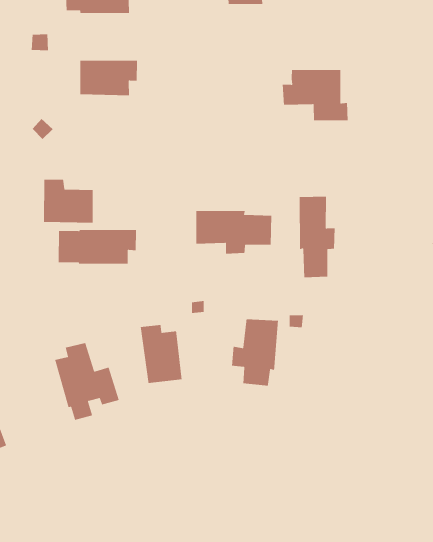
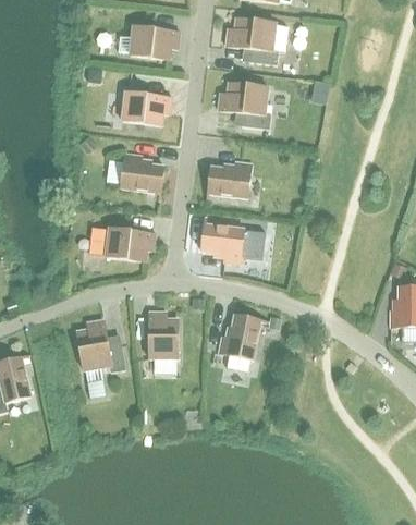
building: [282,69,349,121] -> [218,81,270,127]
building: none -> [207,160,252,196]
building: [43,179,94,223] -> [120,151,163,192]
building: [299,196,336,278] -> none

